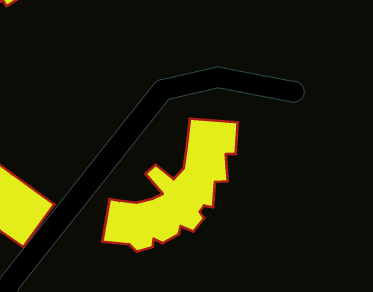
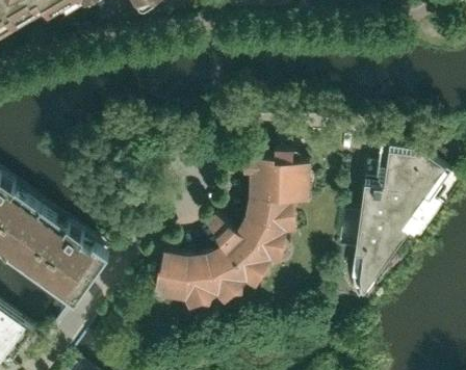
building: none -> [356,151,455,294]

